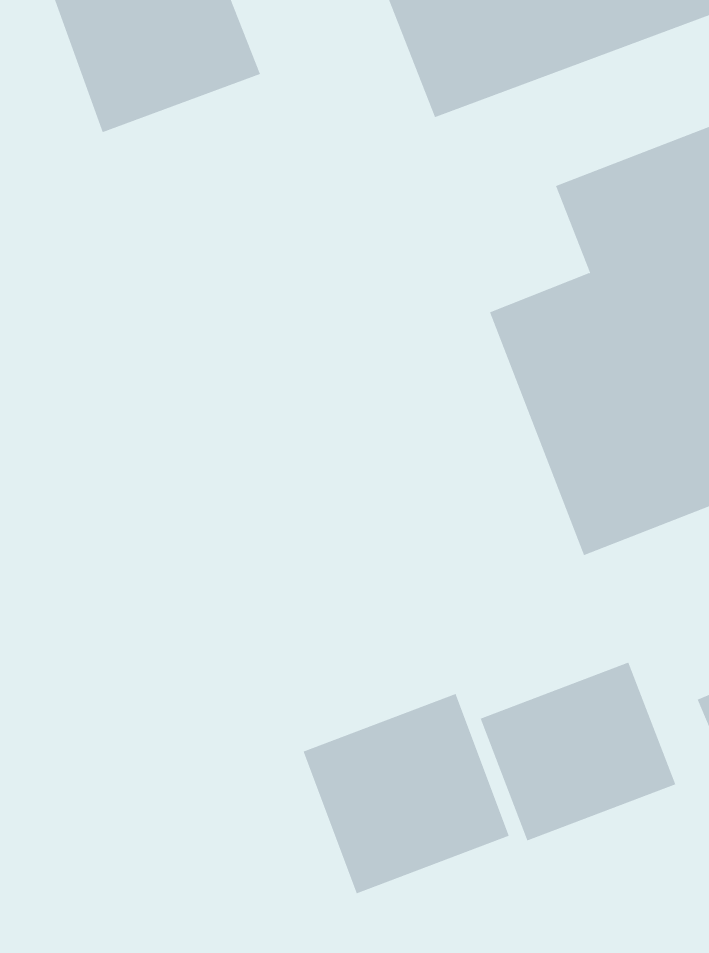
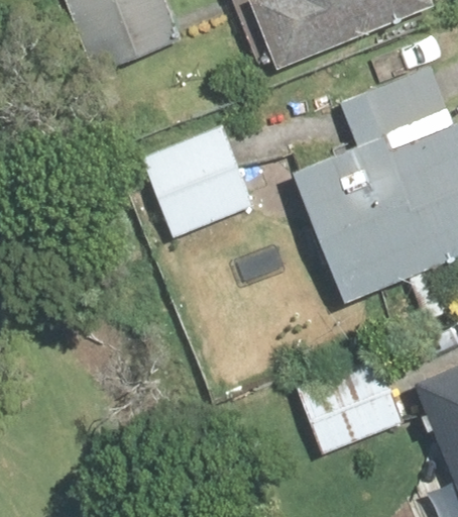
building: none -> [133,125,247,234]
building: [303,693,509,894] -> none

